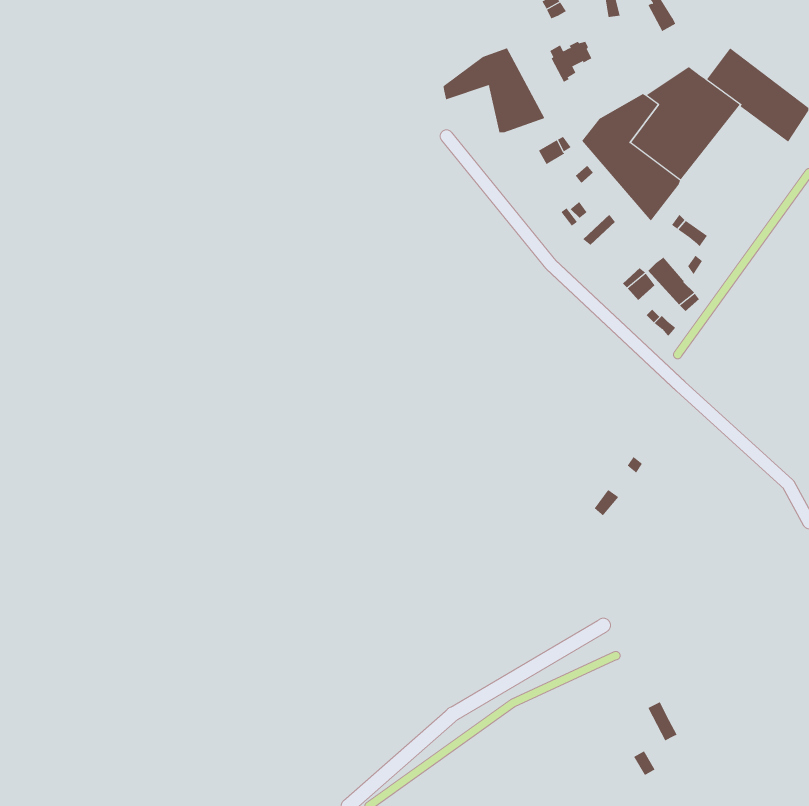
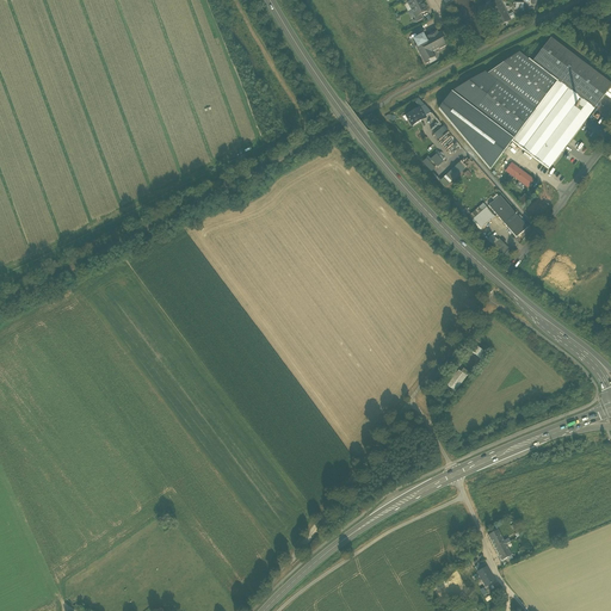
building: [443,48,545,133] -> none
building: none -> [512,80,594,167]

